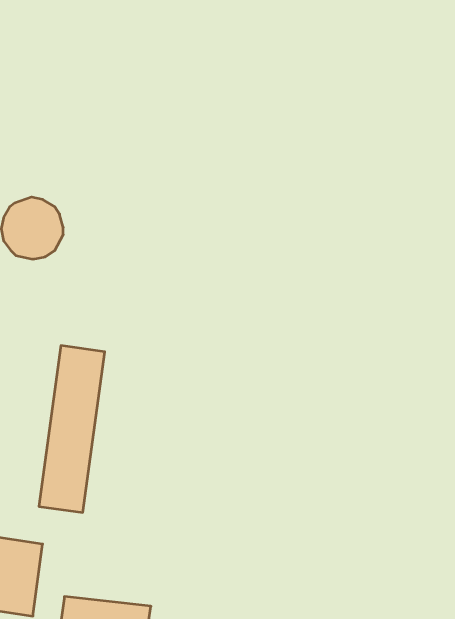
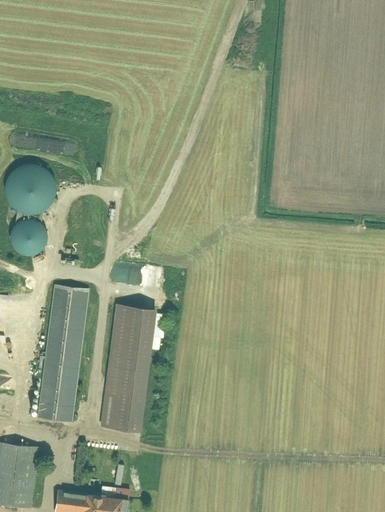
building: none -> [10,218,47,254]
building: none -> [100,304,157,432]

